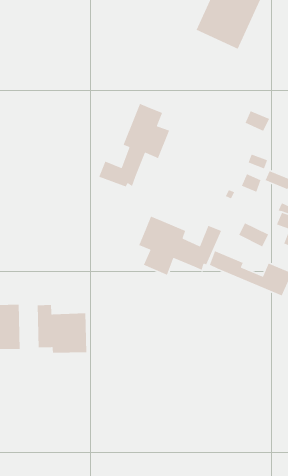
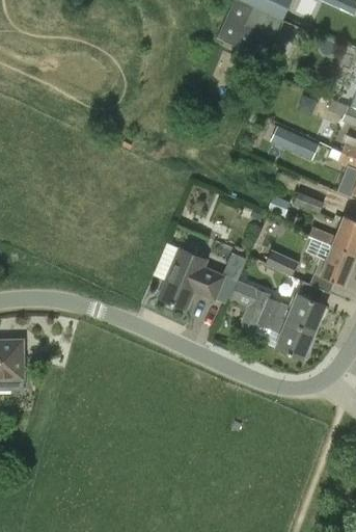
building: [98,103,170,187] -> none
building: none -> [239,301,313,358]
building: [37,304,87,353] -> none

